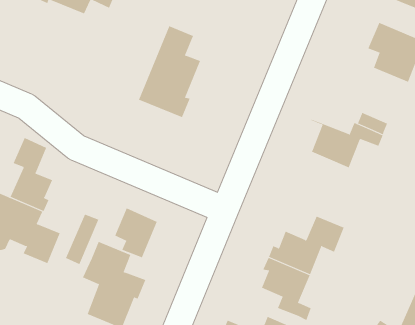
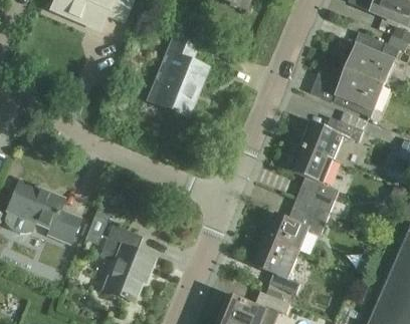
building: none -> [311,71,386,117]
building: [10,137,53,212] -> none
building: none -> [279,140,339,212]
building: [114,207,157,258] -> none

